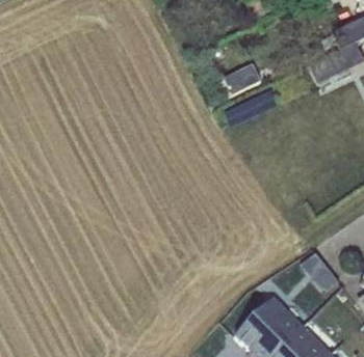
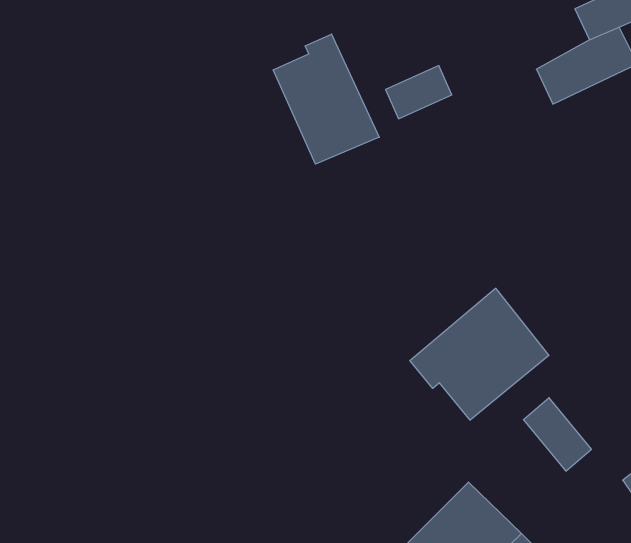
building: none -> [273,34,379,164]
building: none -> [410,288,549,420]

